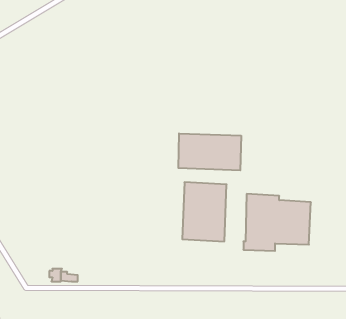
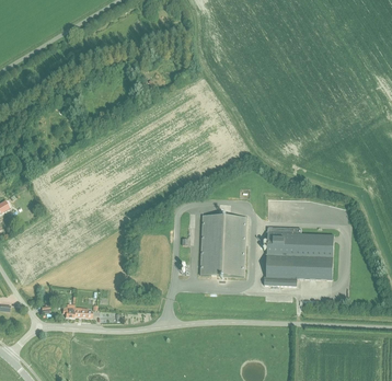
building: [178,133,241,170] -> none

